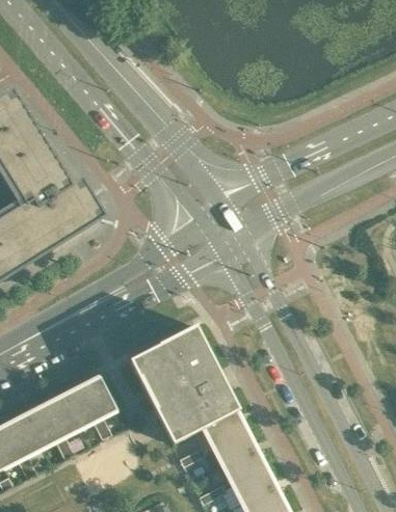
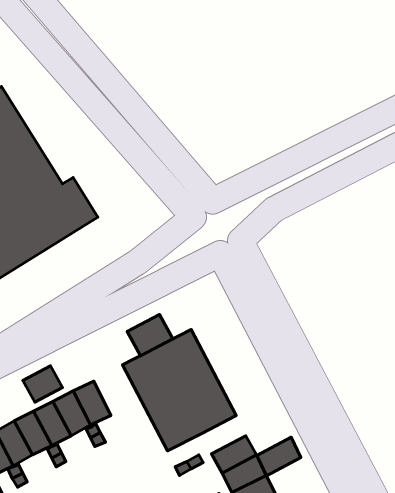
building: none -> [127,314,173,356]
building: none -> [23,366,63,402]
building: [203,408,245,446] -> [257,437,301,476]

